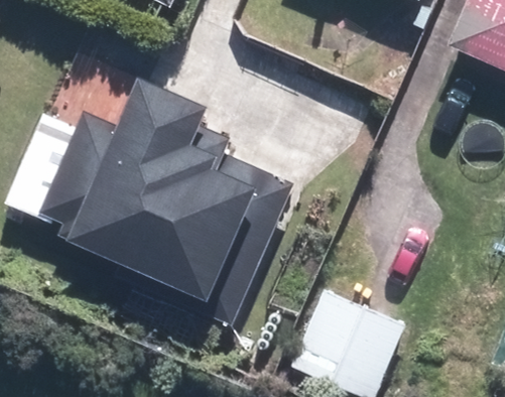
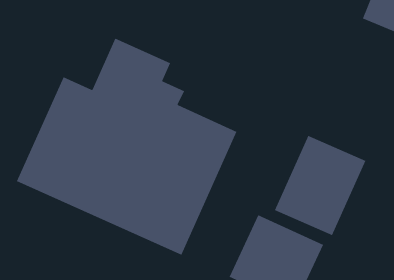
building: none -> [274,135,366,236]

